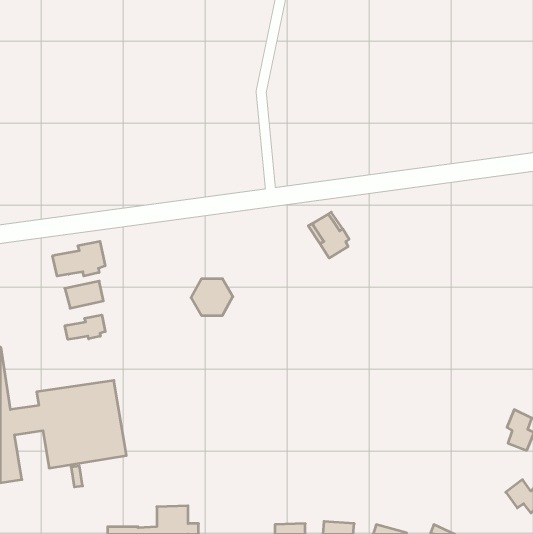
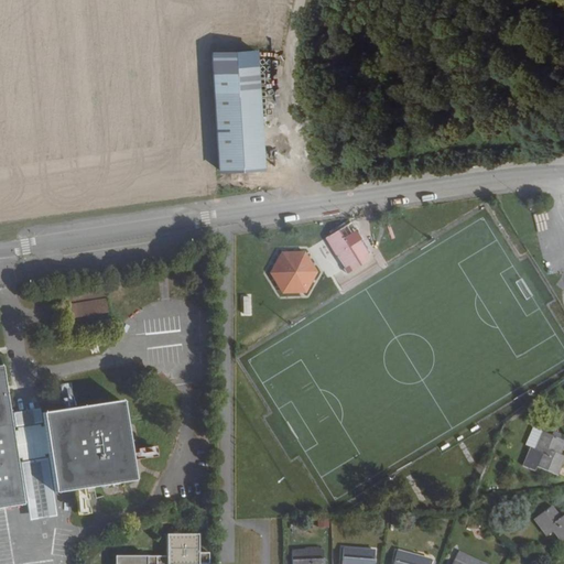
building: none -> [214,51,264,170]
building: [53,241,105,276] -> none
building: [191,279,233,315] -> [273,251,317,290]
building: [65,315,105,339] -> none

